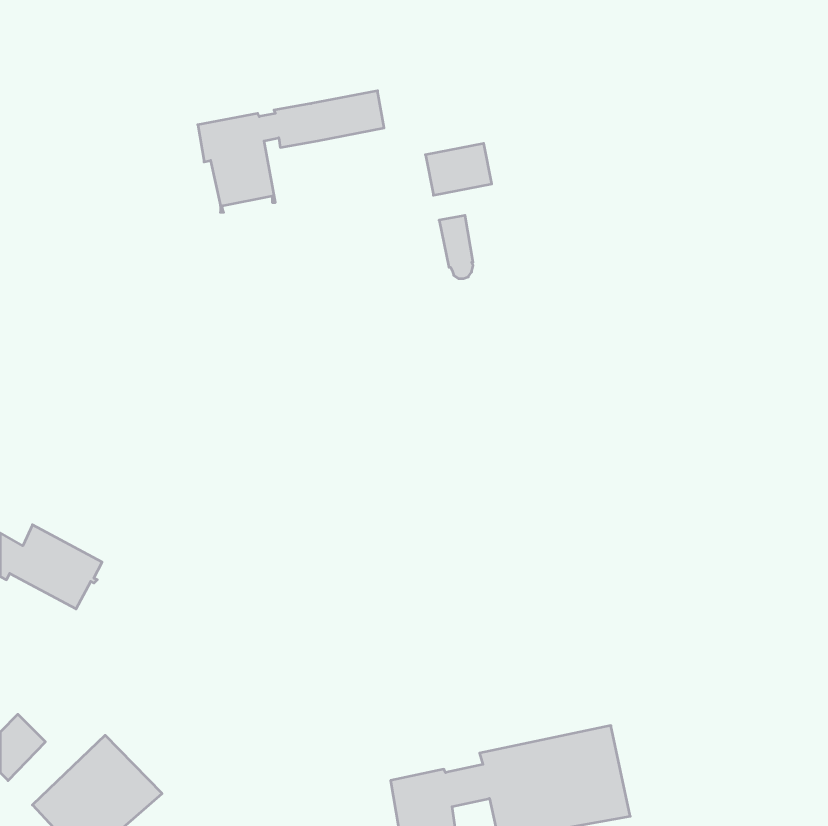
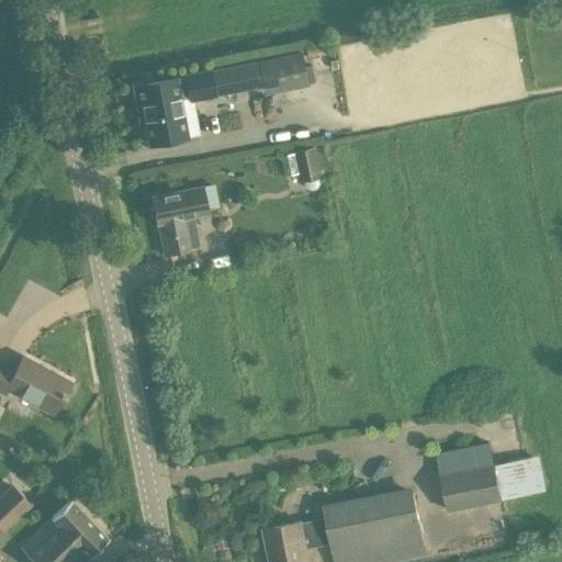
building: [425,143,492,195] -> [262,54,307,89]
building: none -> [151,187,206,255]
building: none -> [437,443,537,510]

